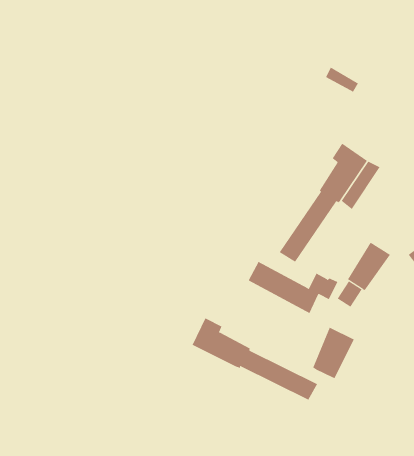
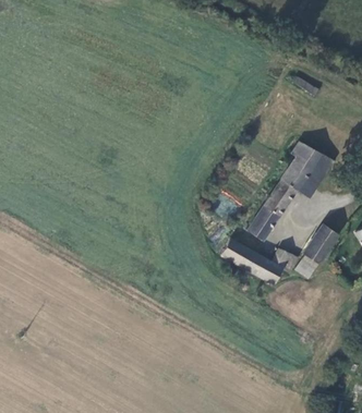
building: [192,317,318,400] -> none
building: [313,327,355,379] -> none

